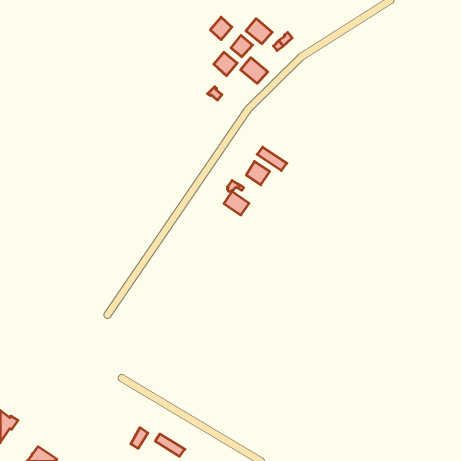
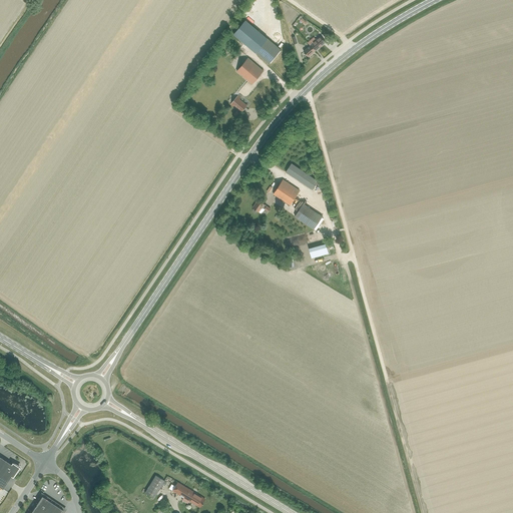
building: [246,19,272,44] -> none
building: [241,58,268,83] -> none
building: [224,192,249,215] -> [295,203,323,229]

